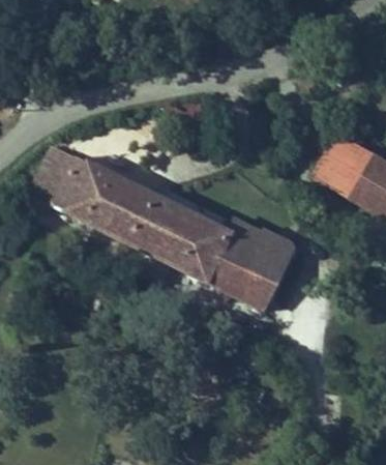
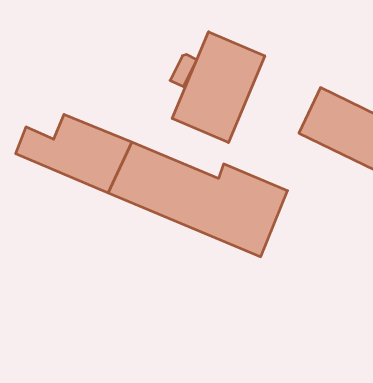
building: none -> [172,32,265,143]
building: [35,149,73,186] -> none

